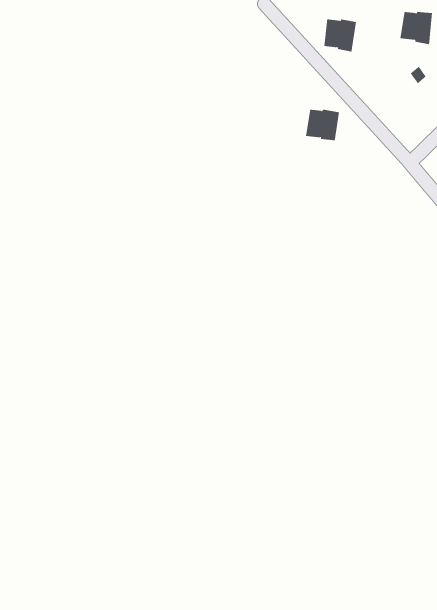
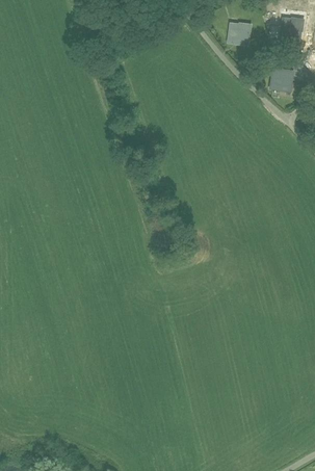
building: [305,109,340,141] -> [269,70,293,91]

